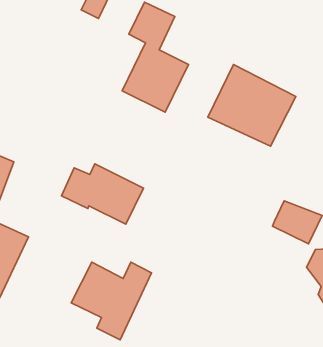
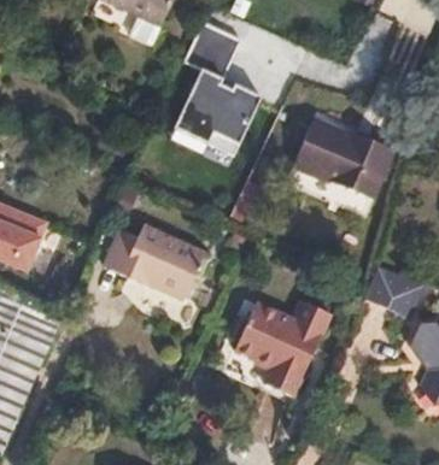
building: [71,262,151,340] -> [235,300,334,396]

